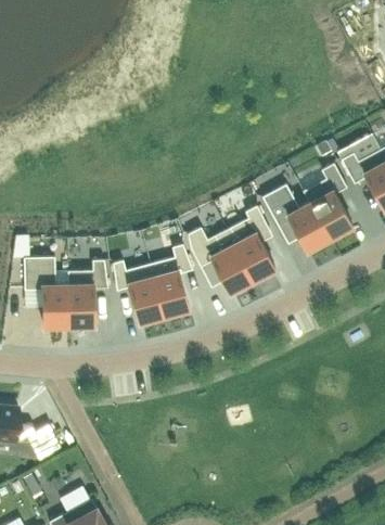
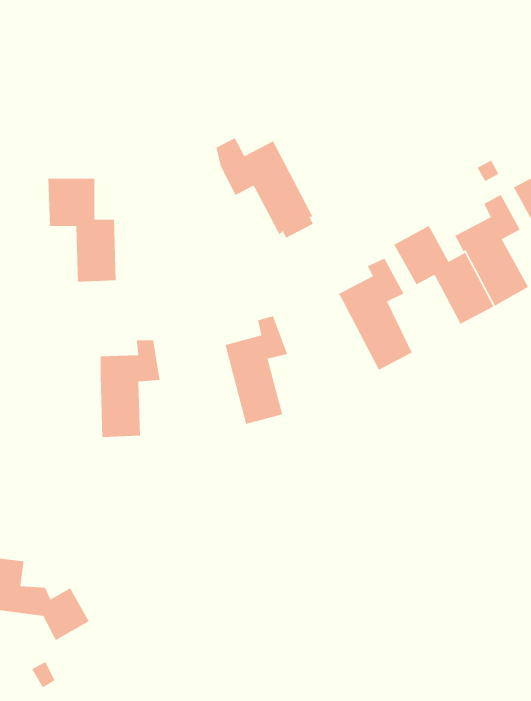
building: [188,229,253,296] -> [215,137,314,239]
building: [24,258,69,328] -> [48,178,116,283]
building: [113,261,165,323] -> none

